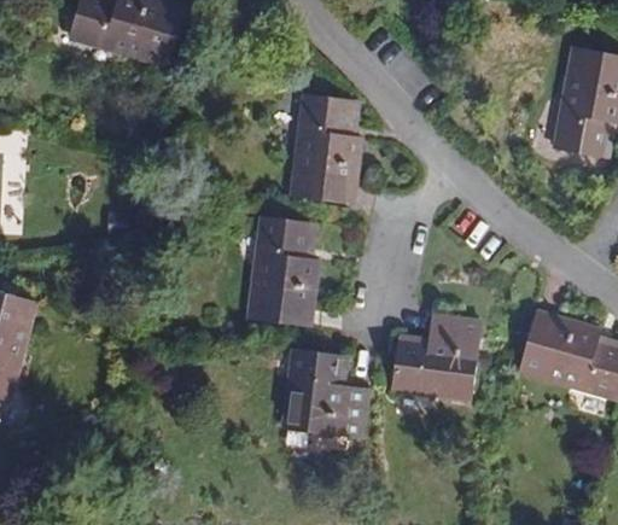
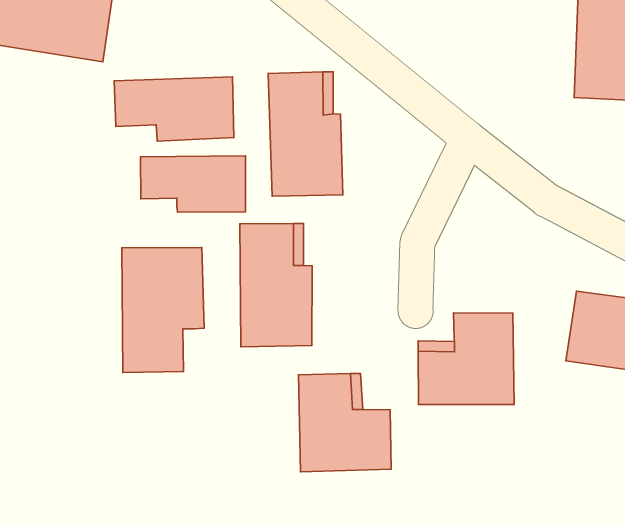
building: none -> [114,77,234,141]
building: none -> [140,156,246,212]
building: none -> [122,248,204,372]

